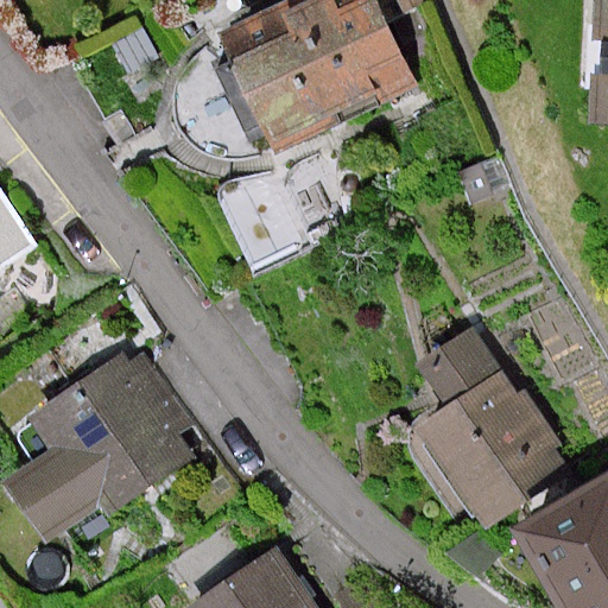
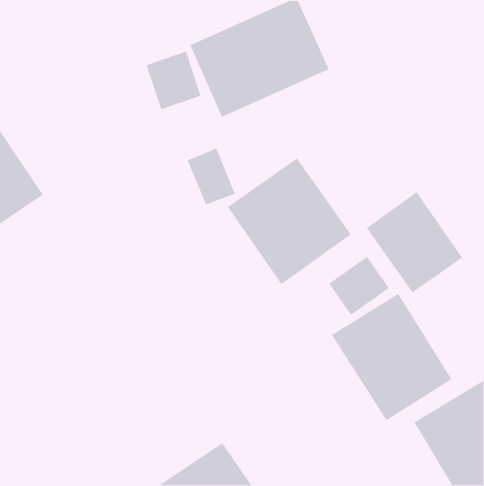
building: none -> [227,157,352,285]
building: none -> [366,191,463,294]
building: [11,352,189,537] -> none

